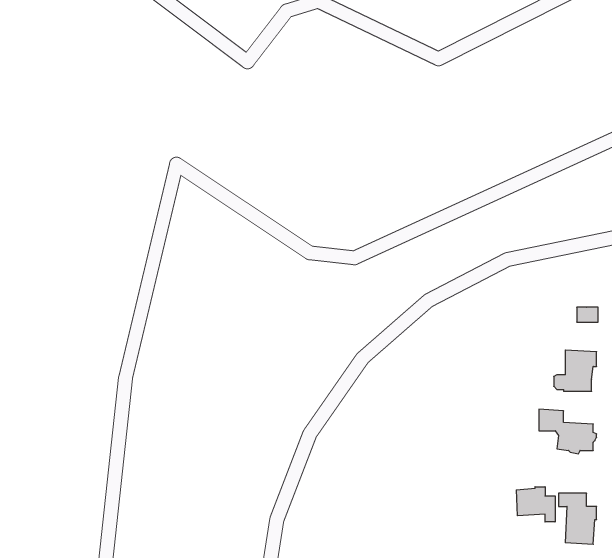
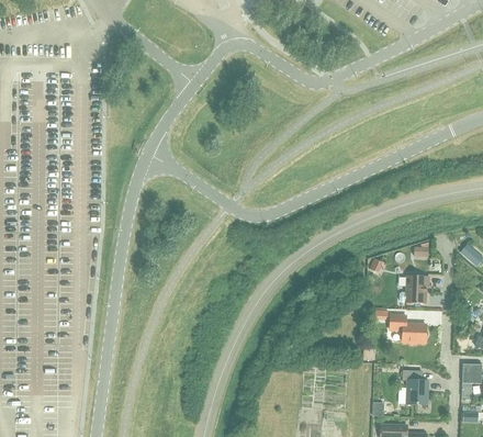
building: [516,487,555,522] -> none

